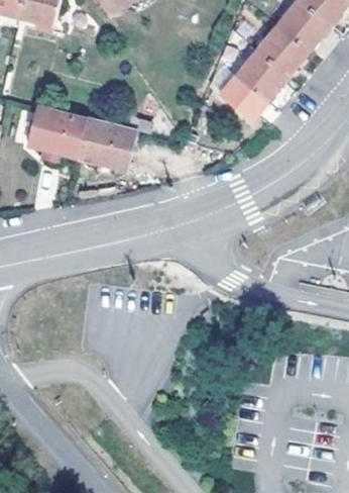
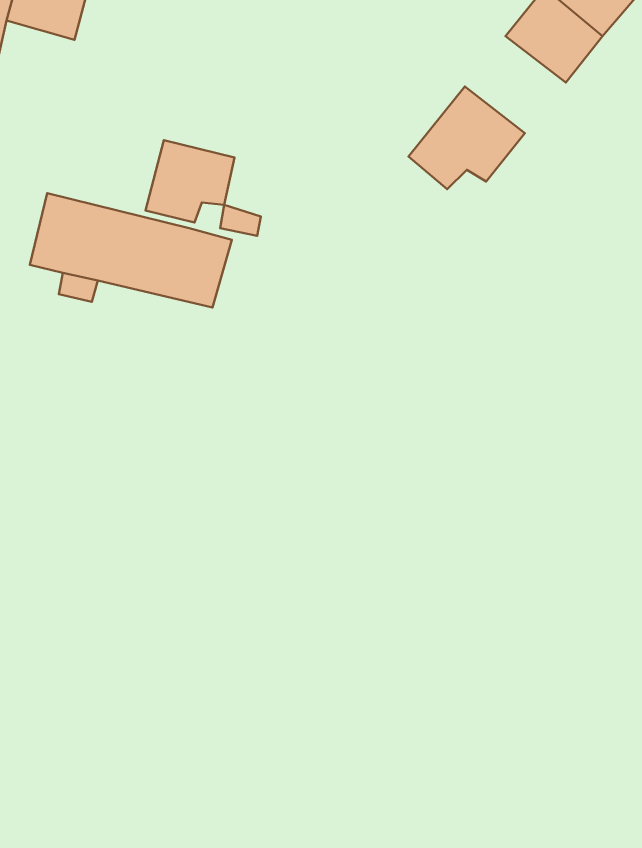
building: [255,25,308,76] -> none
building: none -> [146,140,234,223]

